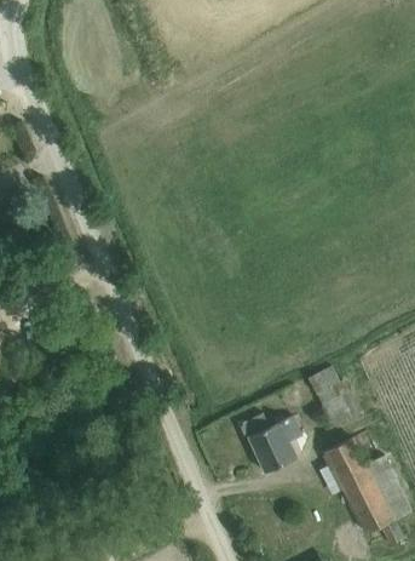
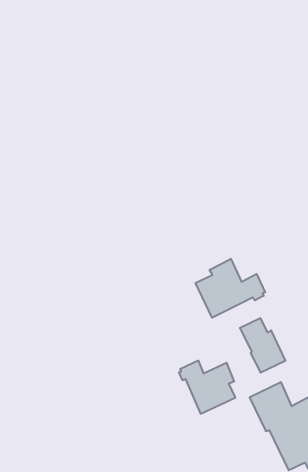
building: none -> [196,259,265,318]

